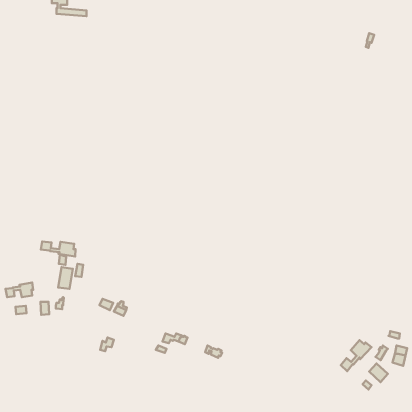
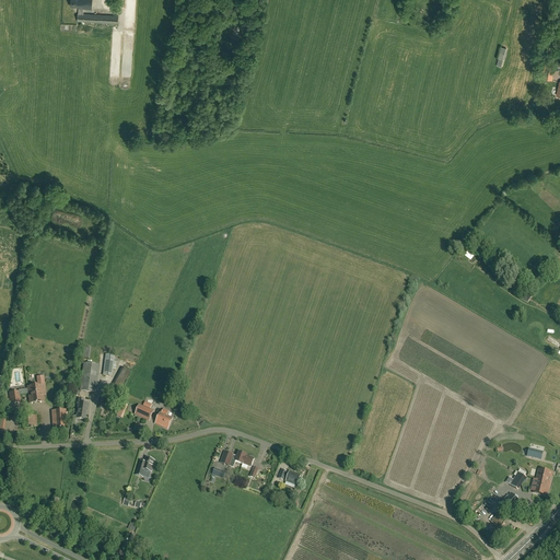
building: [41,242,75,256] -> none
building: [341,340,371,371] -> none

